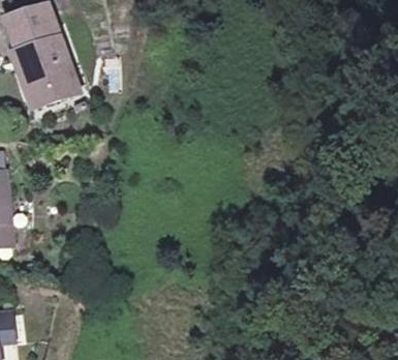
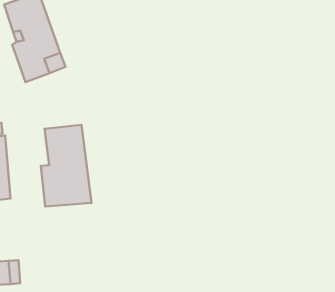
building: none -> [41,125,92,207]

